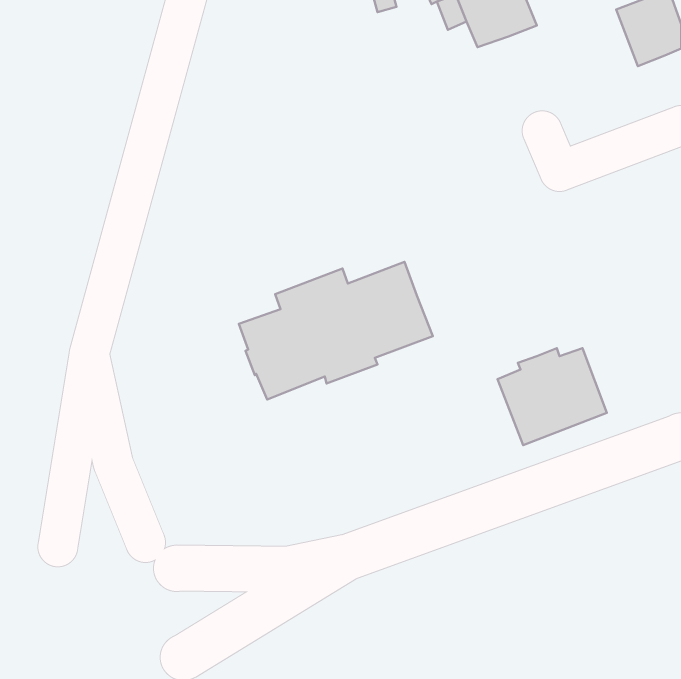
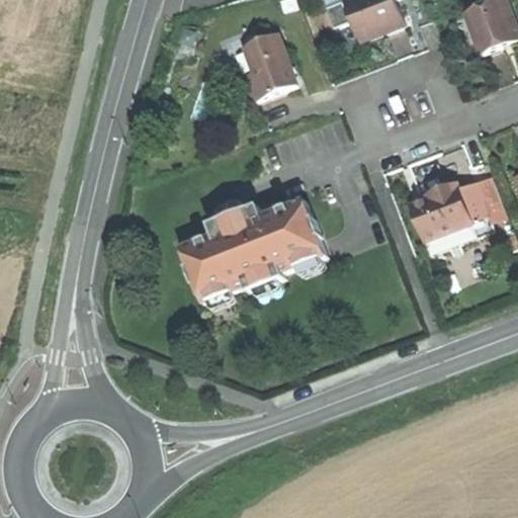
building: none -> [240,29,294,96]
building: [498,348,607,445] -> [410,178,492,251]

